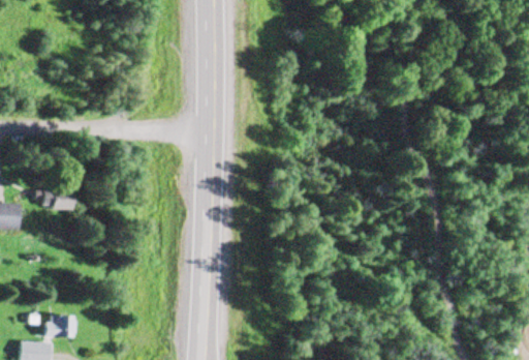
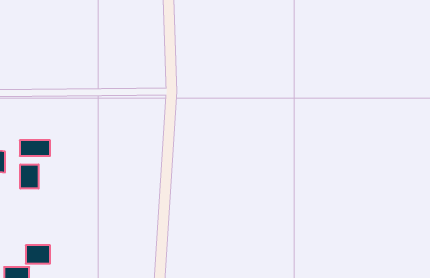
building: none -> [20,164,39,189]

